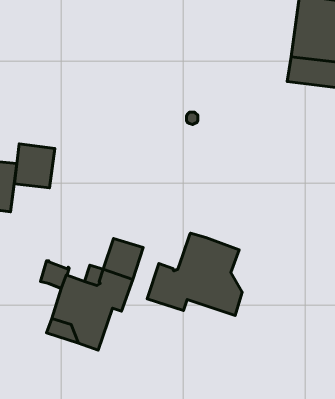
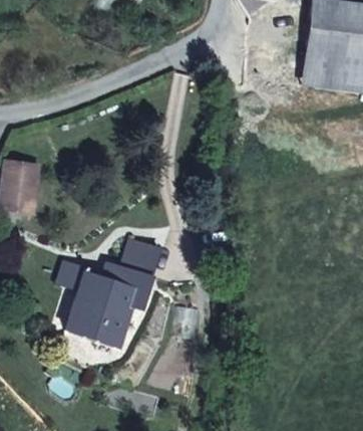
building: [15,144,55,188] -> none
building: [147,233,242,316] -> none

